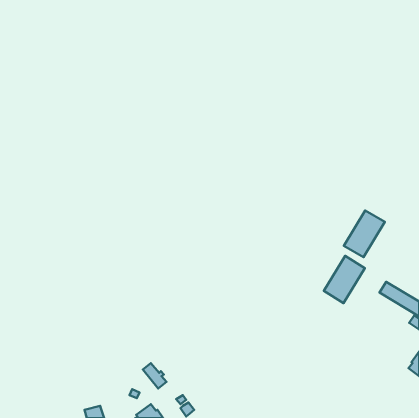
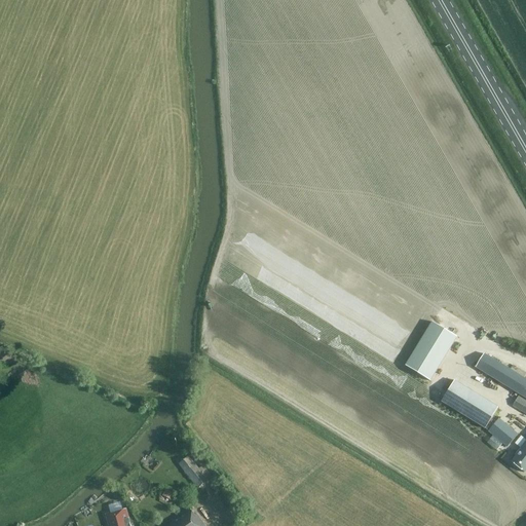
building: [344,210,385,257] -> none
building: none -> [442,379,499,427]
building: none -> [489,417,519,446]

